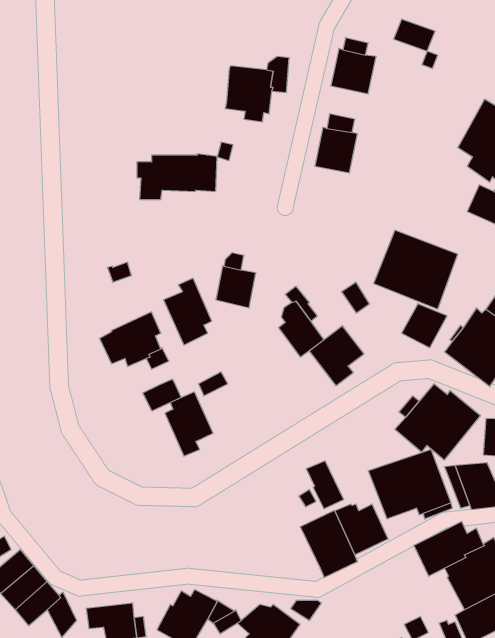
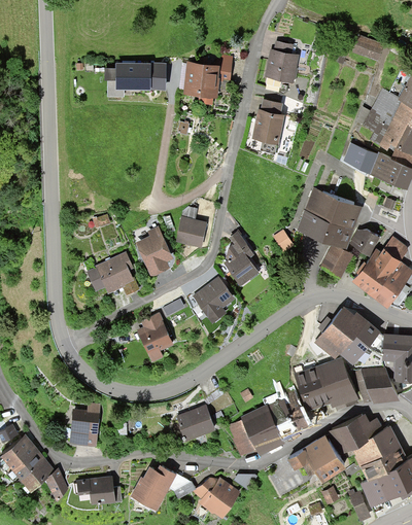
building: [394,19,435,51] -> [352,35,384,60]
building: [137,154,217,199] -> [105,62,167,97]
building: none -> [343,142,379,174]
building: none -> [350,230,381,257]
building: [309,326,364,386] -> [193,277,235,323]
building: [143,379,181,411] -> none
building: [306,461,344,509] -> [228,419,256,456]
building: none -> [70,402,101,447]
building: none -> [176,406,215,442]
building: none -> [287,435,345,483]

